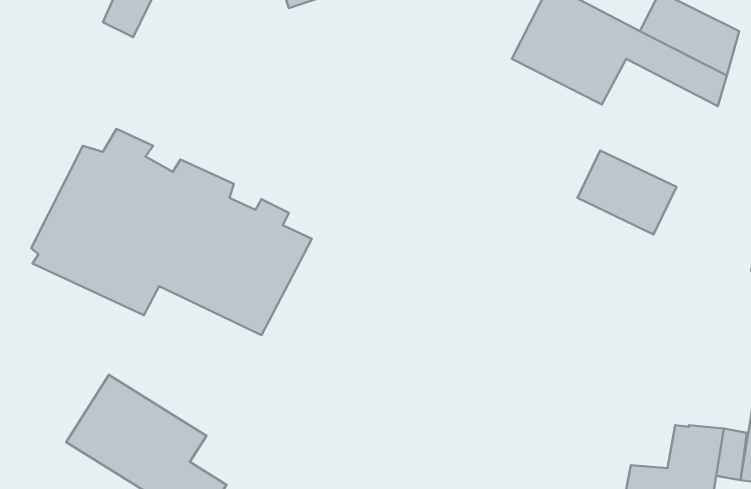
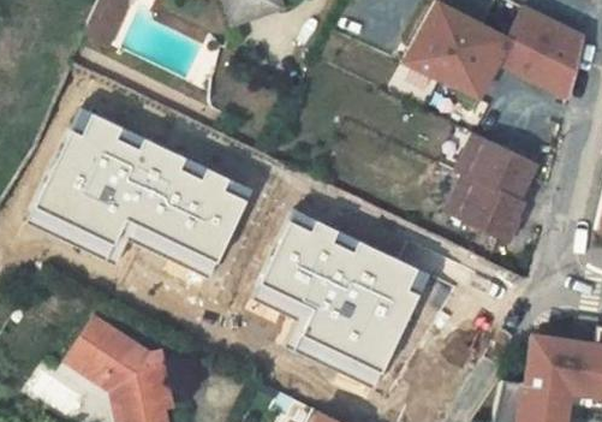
building: none -> [448,173,523,240]
building: none -> [256,221,424,388]

